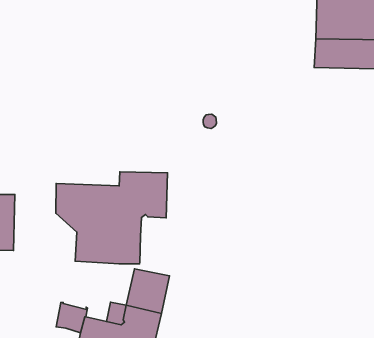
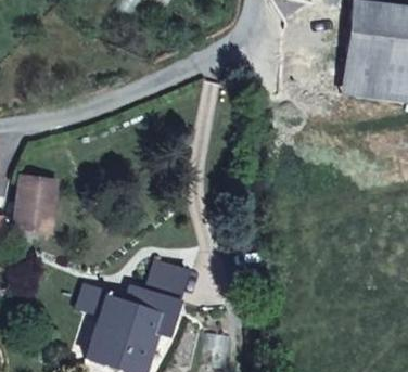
building: [56,172,168,264] -> none

